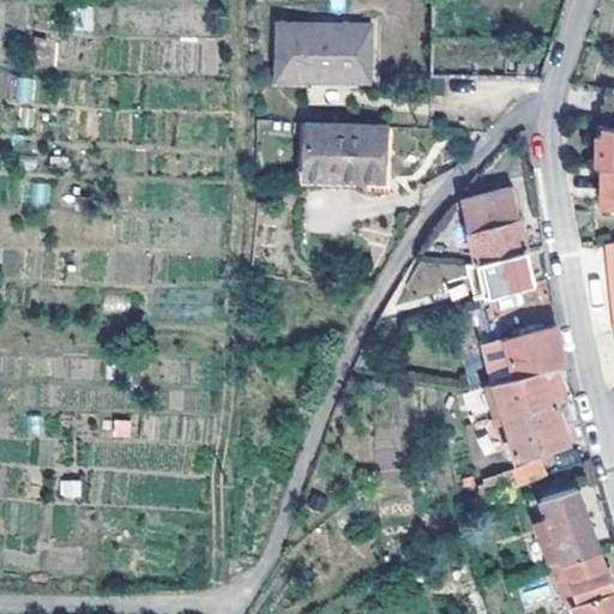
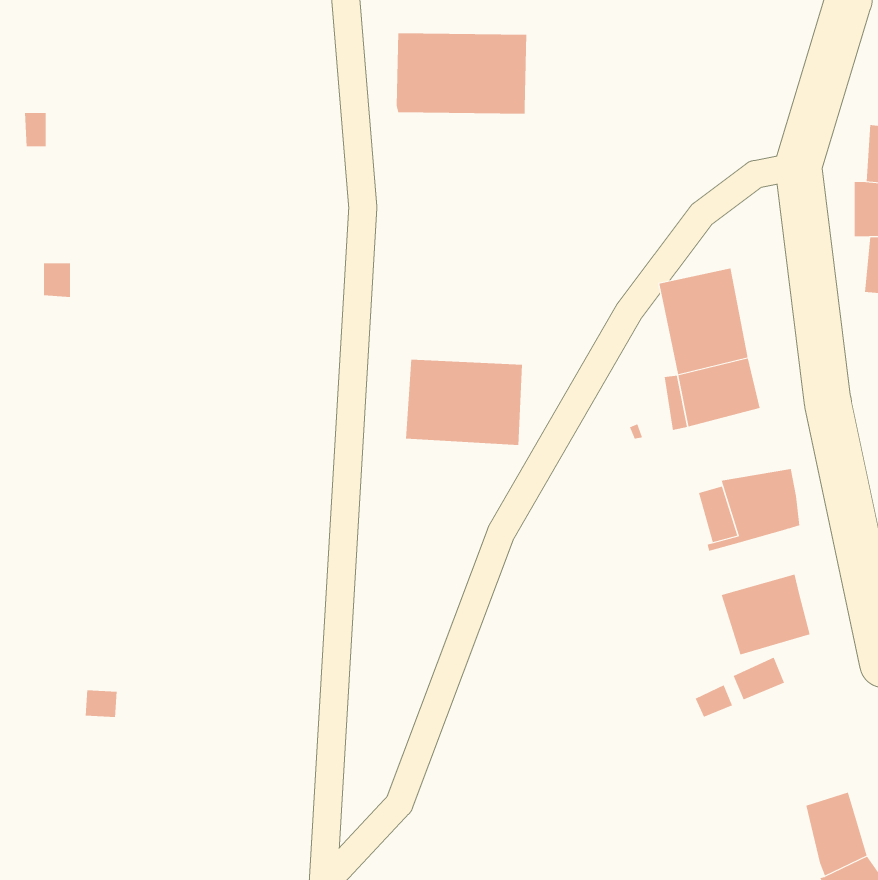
building: [307,124,389,183] -> [405,359,523,446]
building: [483,369,561,419] -> none
building: [547,488,592,564] -> none

